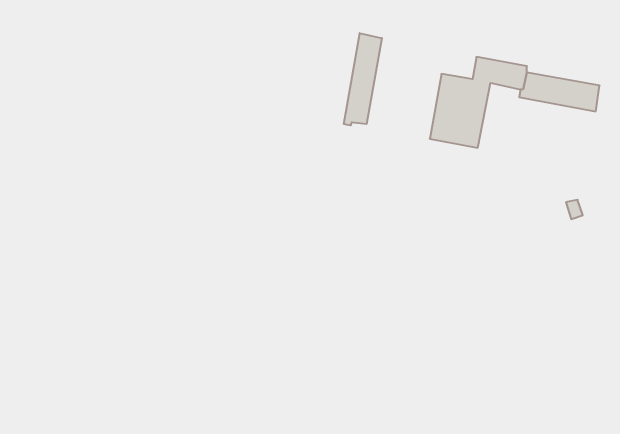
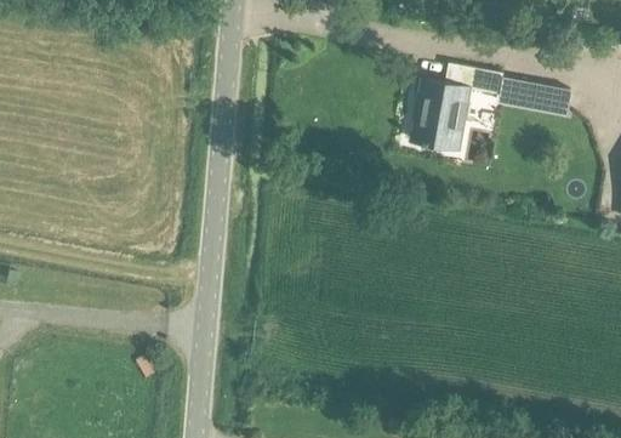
building: [344,33,382,125] -> none

